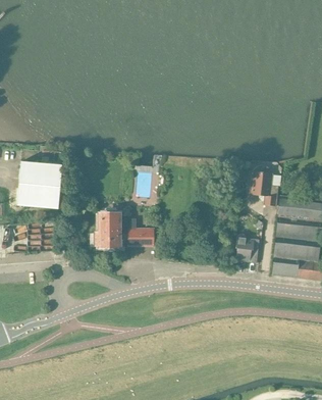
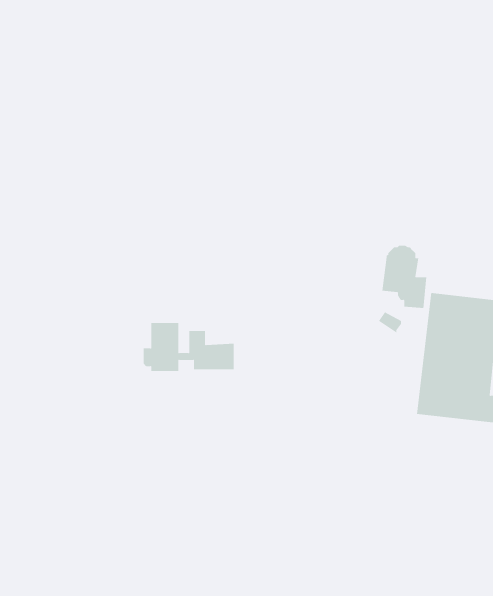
building: [18,161,61,209] -> none
building: [236,233,260,262] -> none

